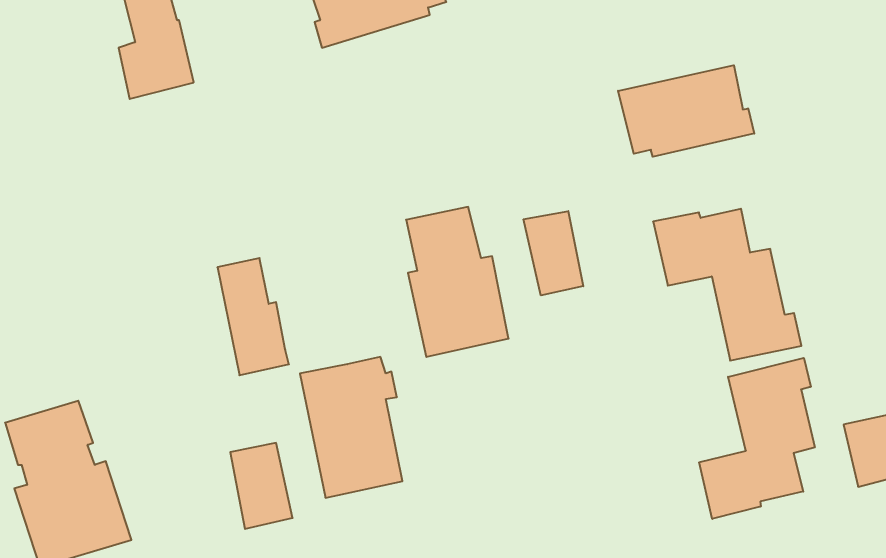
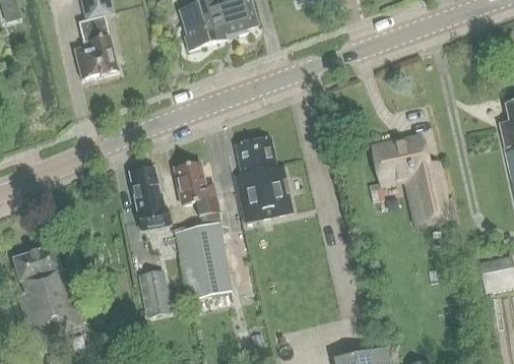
building: [618,65,754,157] -> none
building: [524,211,583,295] -> none
building: none -> [175,162,220,225]
building: [699,358,815,519] -> none

